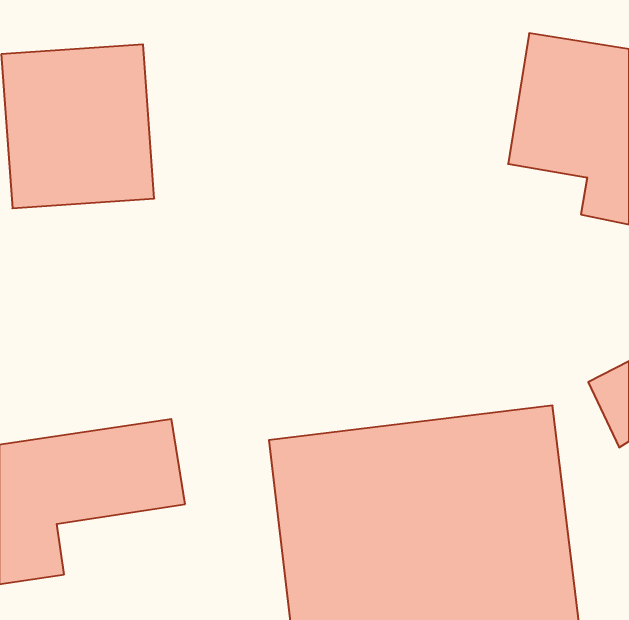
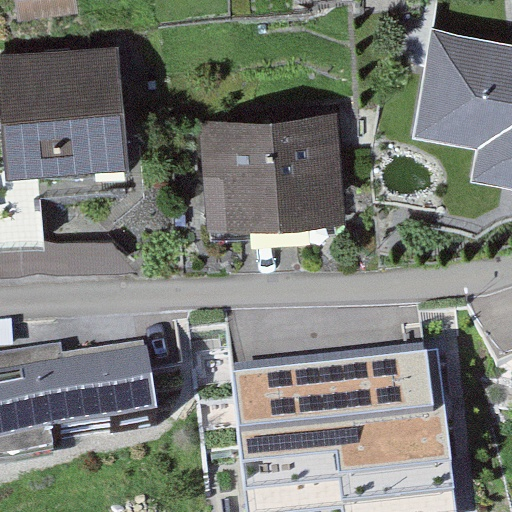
building: none -> [203,116,345,229]

